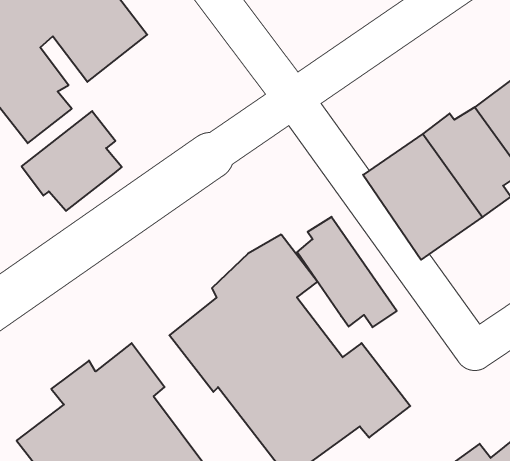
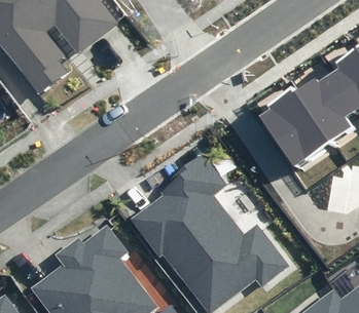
building: [22,111,122,211] -> none
building: [297,217,397,327] -> none

